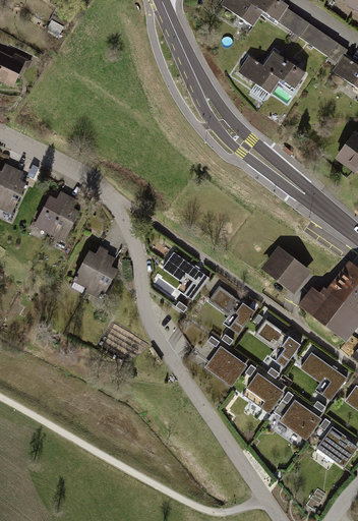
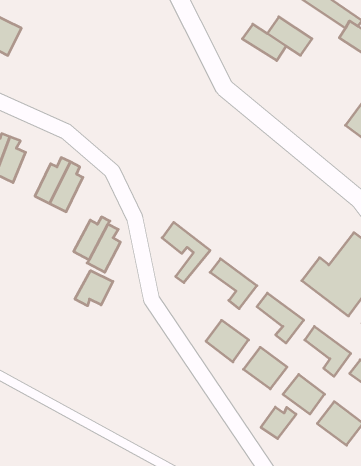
building: [260,248,310,295] -> none
building: none -> [75,271,113,306]
building: none -> [261,407,296,439]

